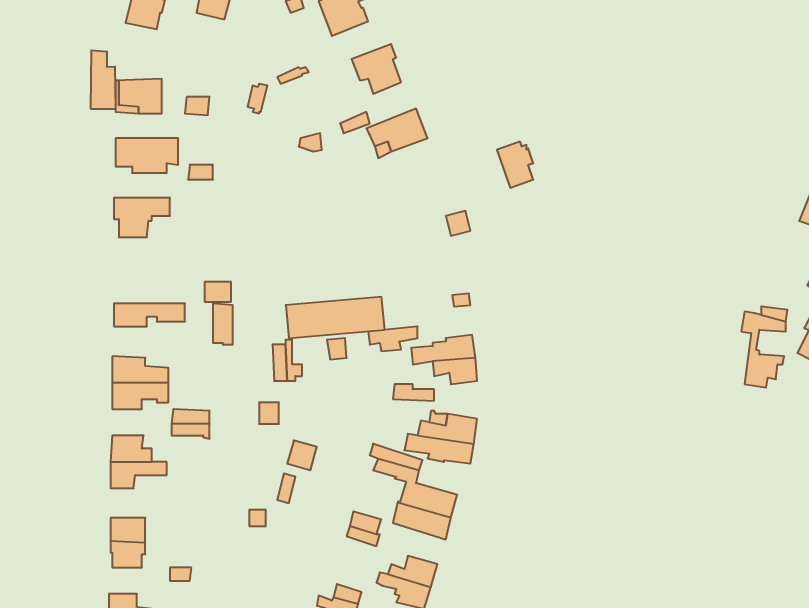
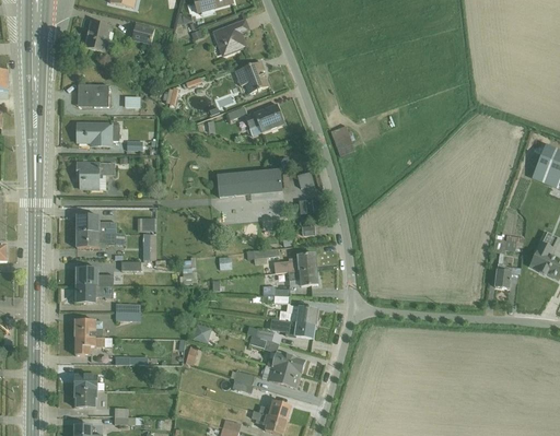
building: [91,50,116,109] -> none
building: none -> [77,214,116,232]
building: [286,297,385,338] -> [217,168,282,196]

